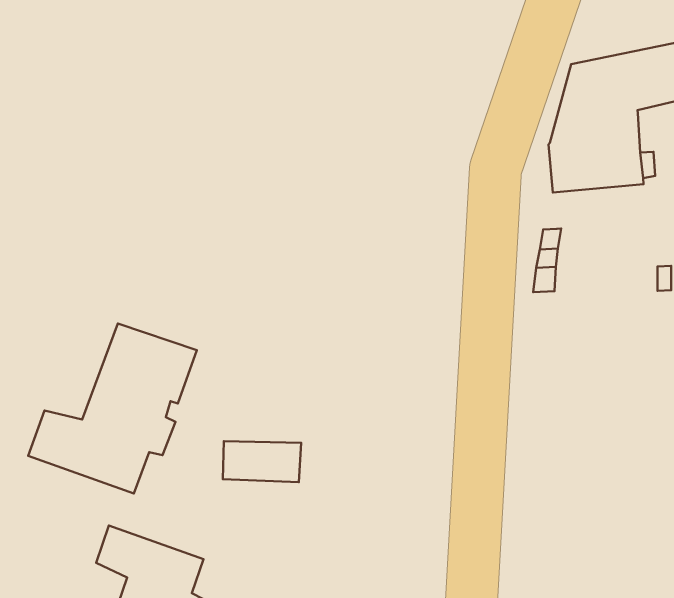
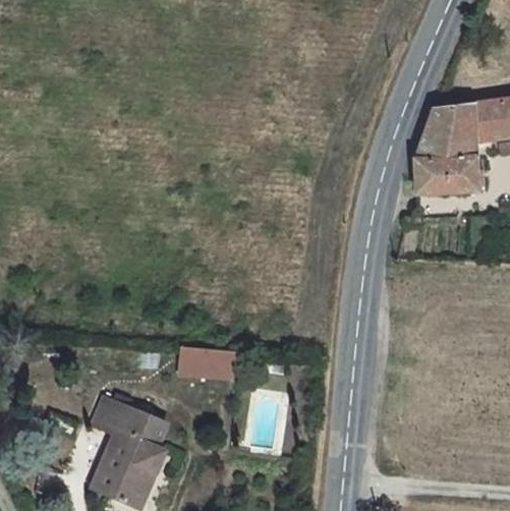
building: [28,323,197,494] -> none

